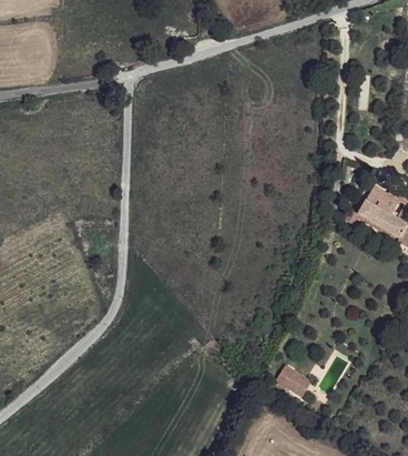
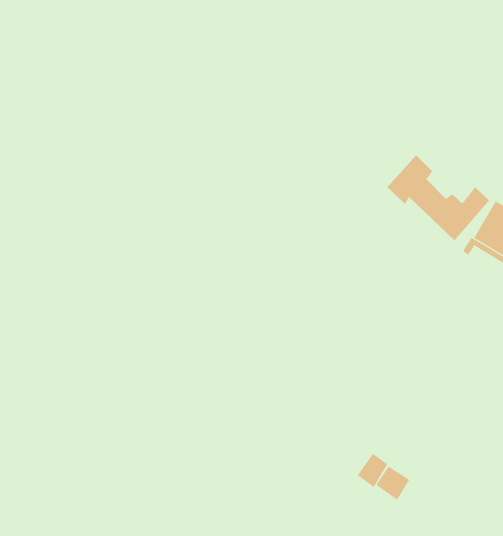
building: none -> [387,155,490,241]

